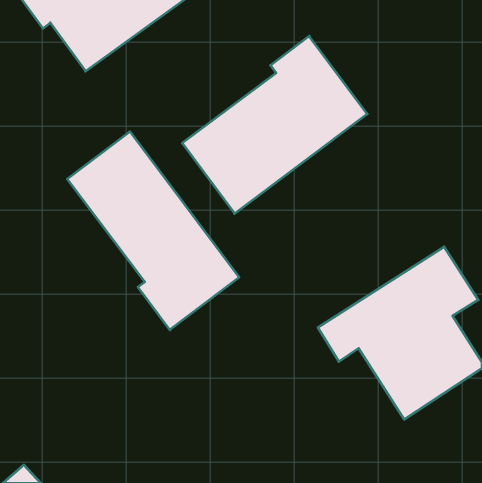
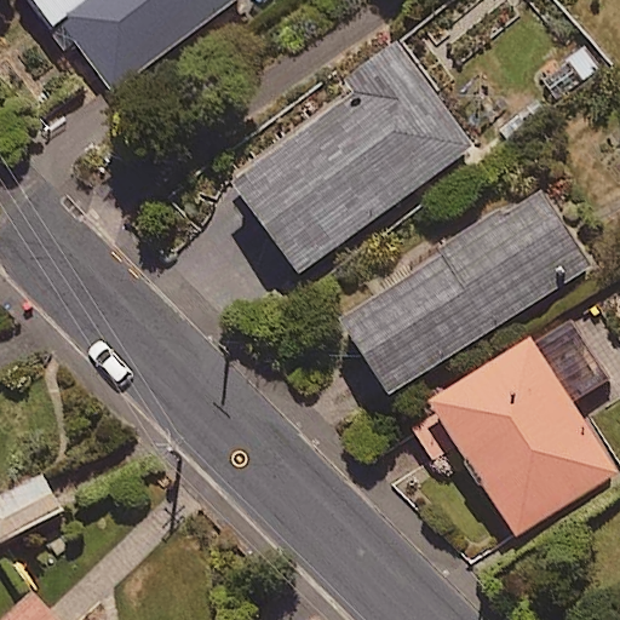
building: [67,132,239,330] -> none
building: none -> [339,186,589,395]

